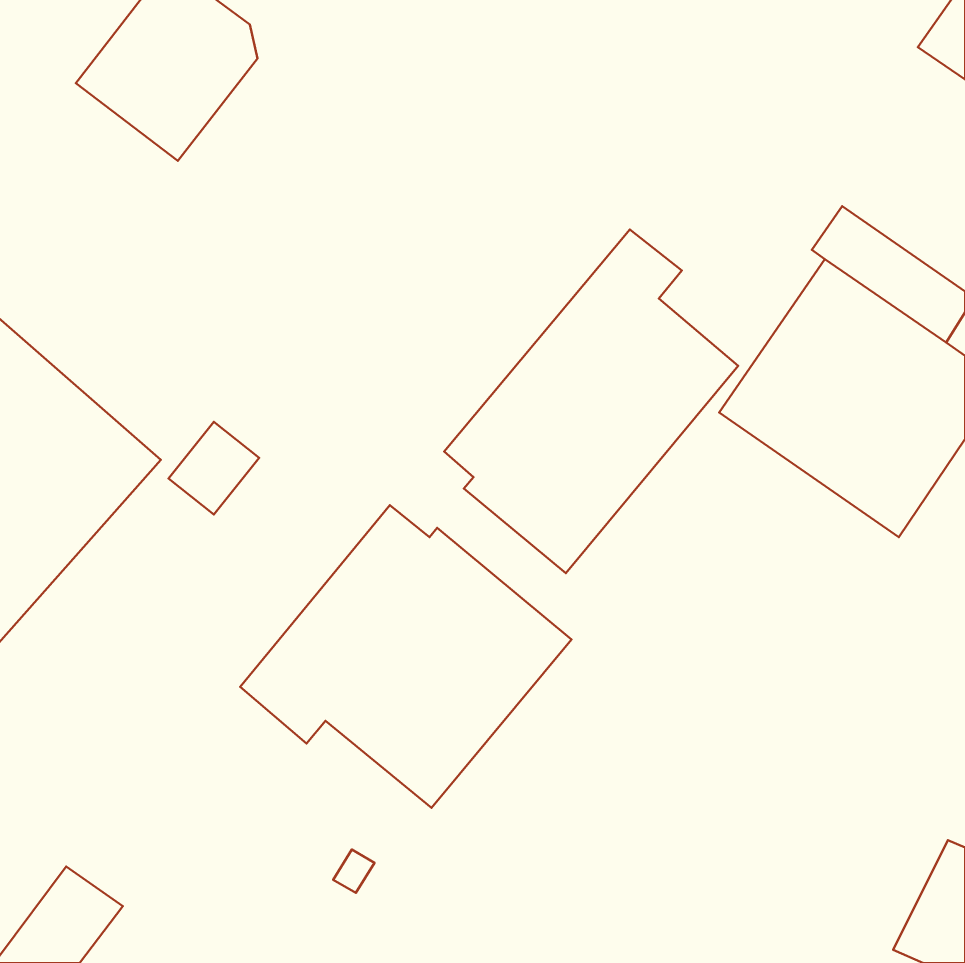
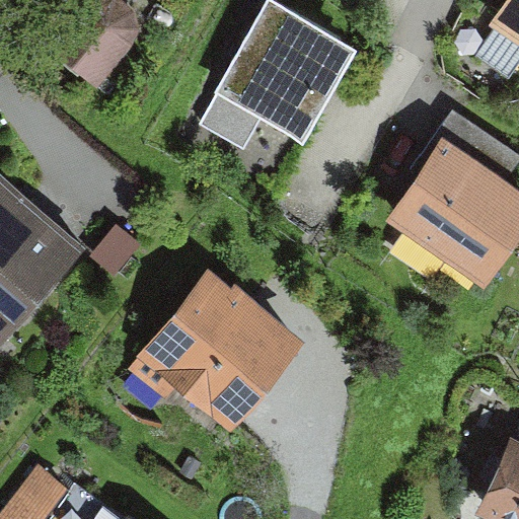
building: none -> [205,9,354,148]
building: [444,229,738,573] -> none

